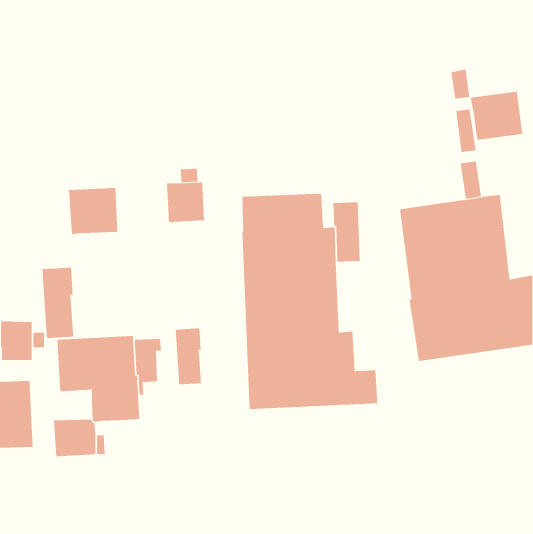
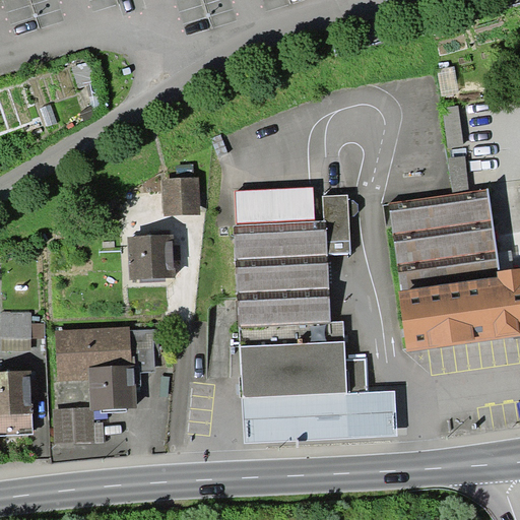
building: [470,91,523,140] -> none
building: [68,188,118,235] -> [126,235,175,280]
building: [42,267,74,339] -> none
building: [175,328,201,385] -> none
building: none -> [241,391,396,443]

